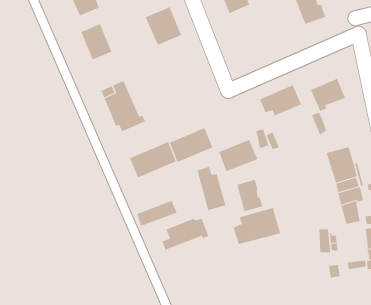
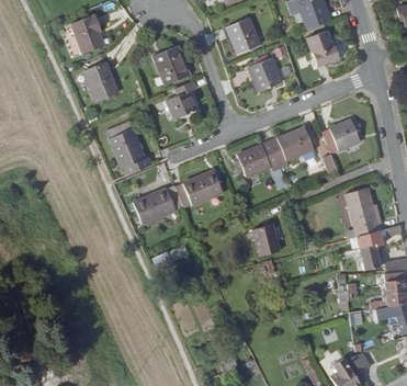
building: none -> [253,56,284,89]
building: none -> [169,79,201,117]
building: [218,139,258,172] -> [241,139,283,173]
building: [197,166,226,211] -> none
building: [233,207,281,245] -> none
building: [162,218,209,250] -> none

